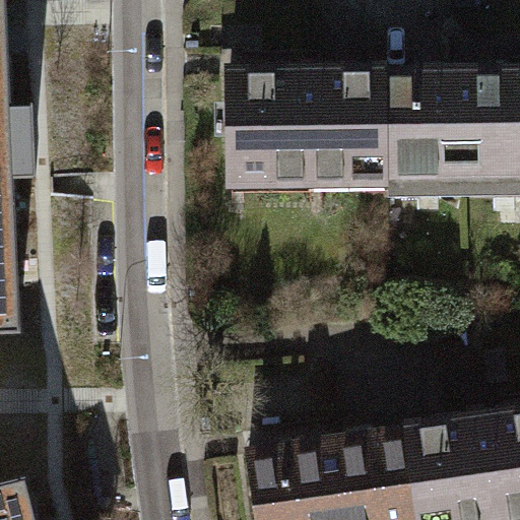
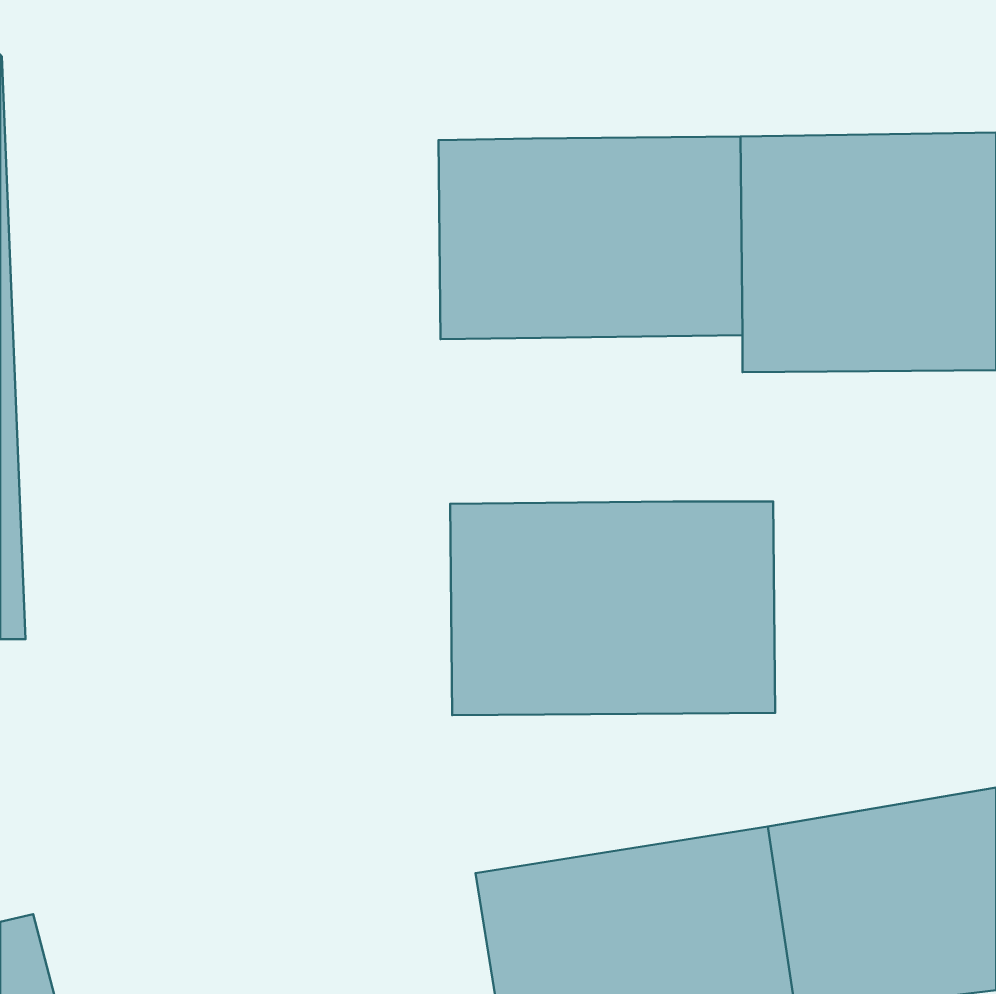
building: none -> [450,502,775,715]

